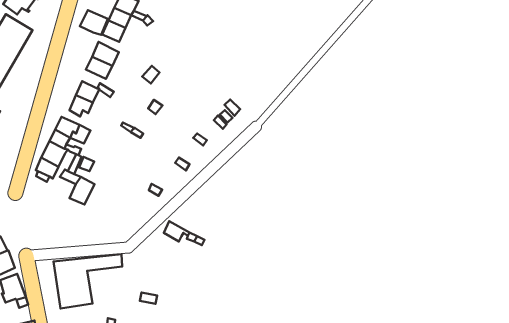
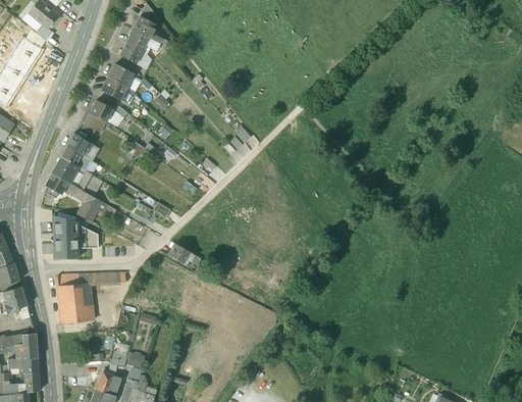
building: [80,10,108,35] -> none
building: none -> [52,215,98,258]

